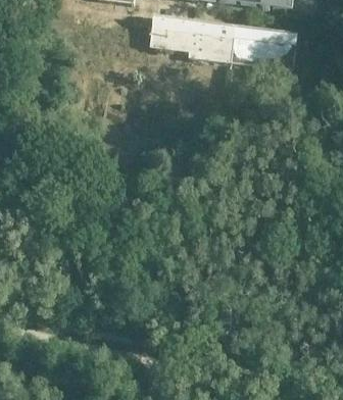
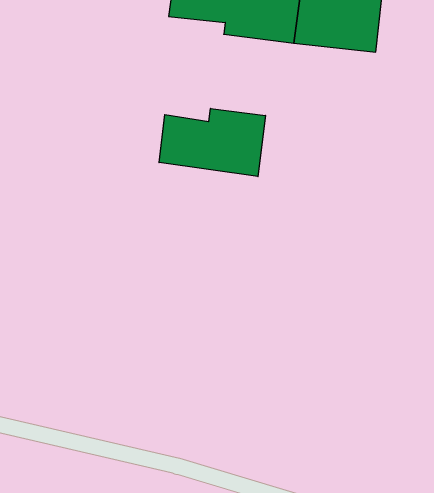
building: none -> [159,108,265,177]

